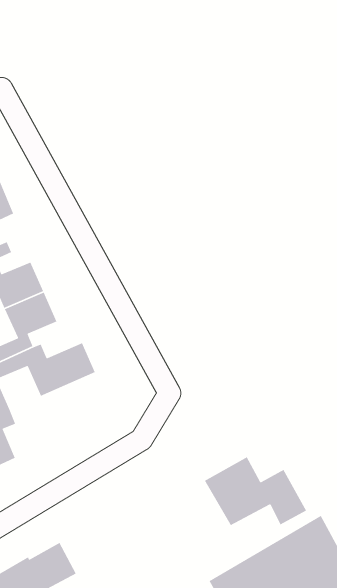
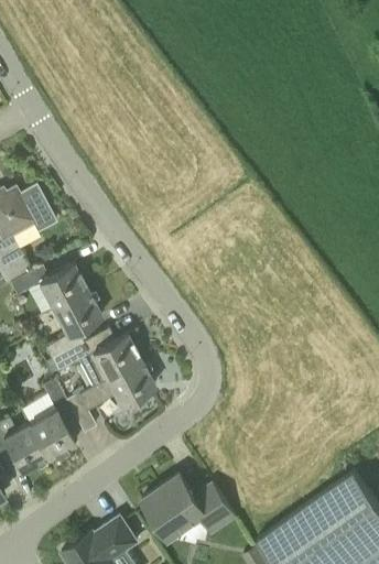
building: none -> [66,360,155,433]
building: [204,456,307,526] -> [142,475,238,540]

